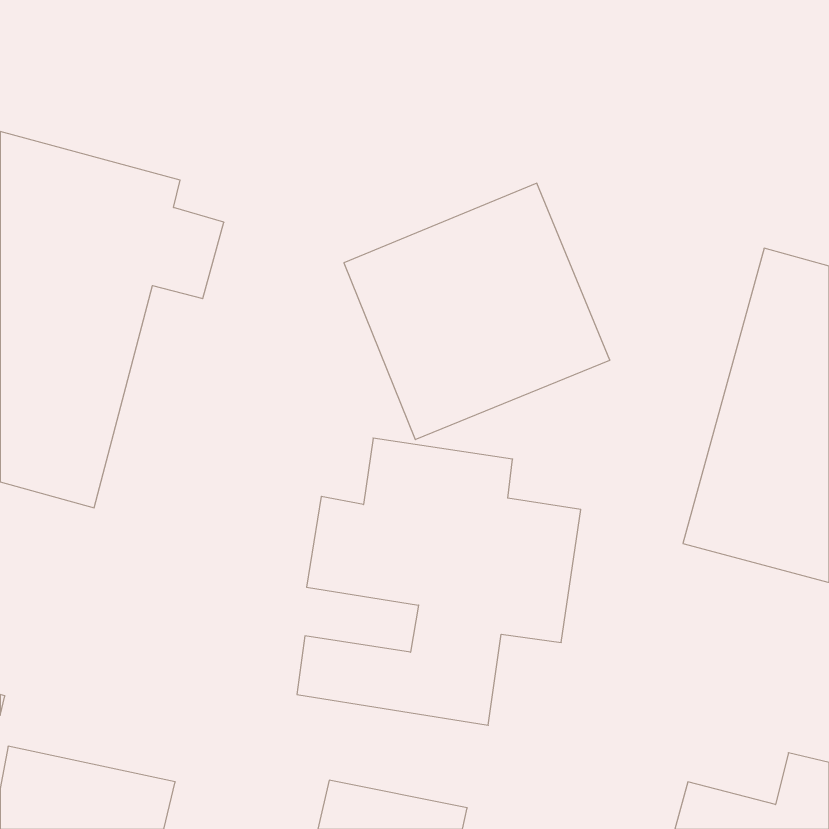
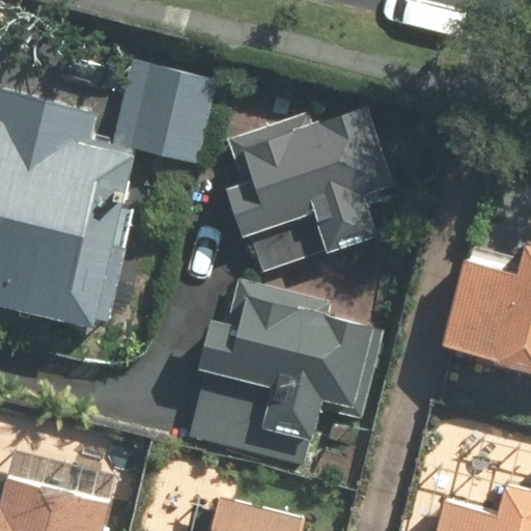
building: none -> [140,50,227,171]

